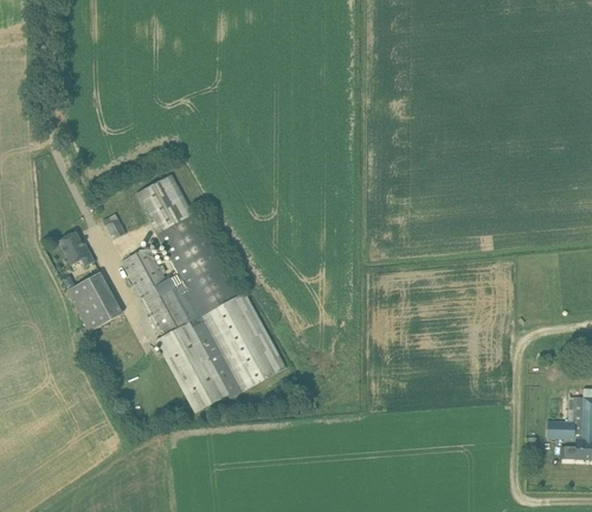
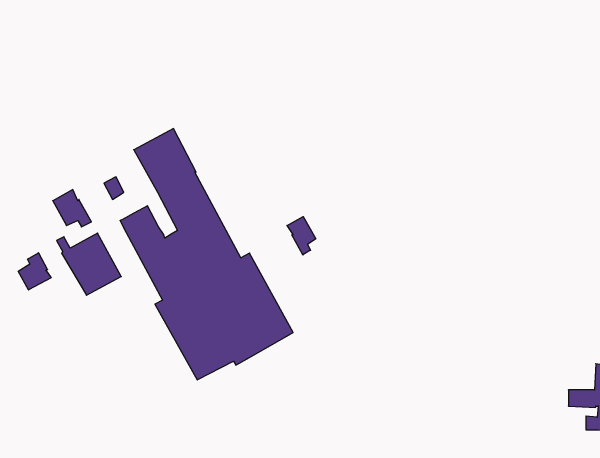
building: none -> [287,217,316,255]
building: none -> [18,253,51,290]

